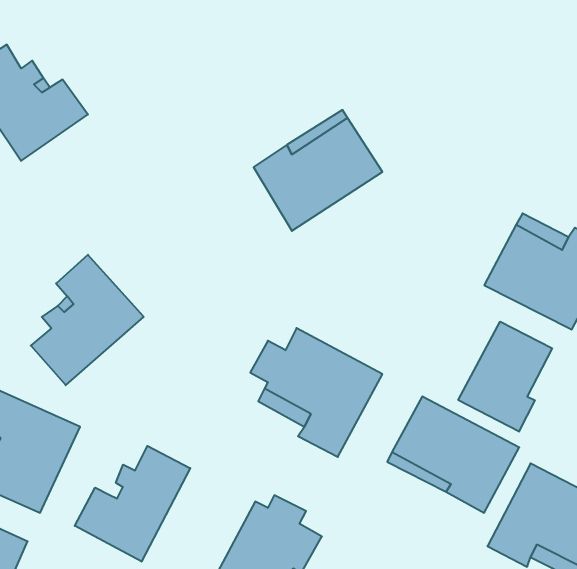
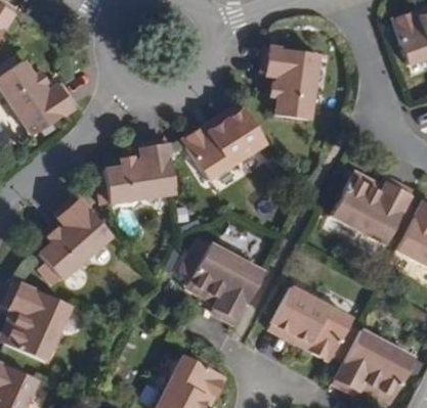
building: none -> [263,45,318,120]
building: none -> [103,140,175,202]
building: [458,322,552,432] -> none
building: [75,446,190,562] -> none

